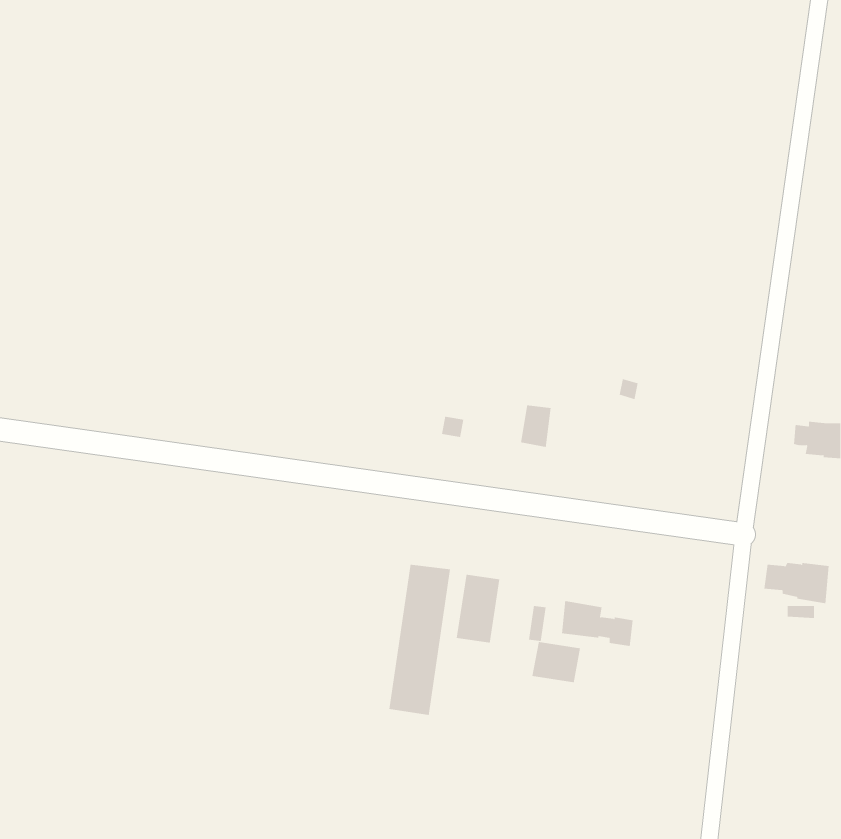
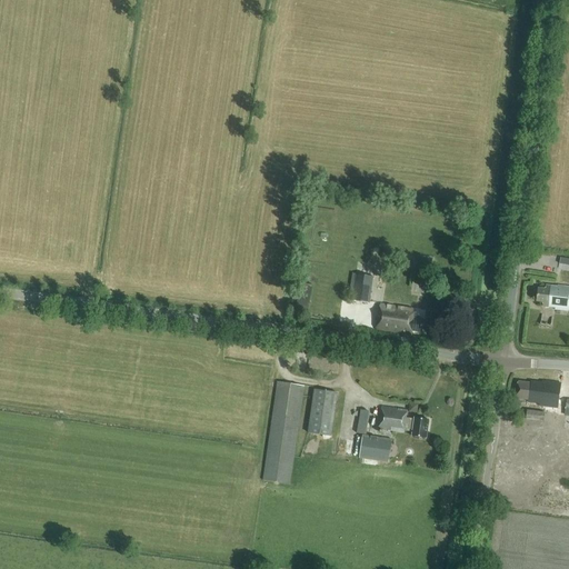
building: none -> [377,303,422,337]

